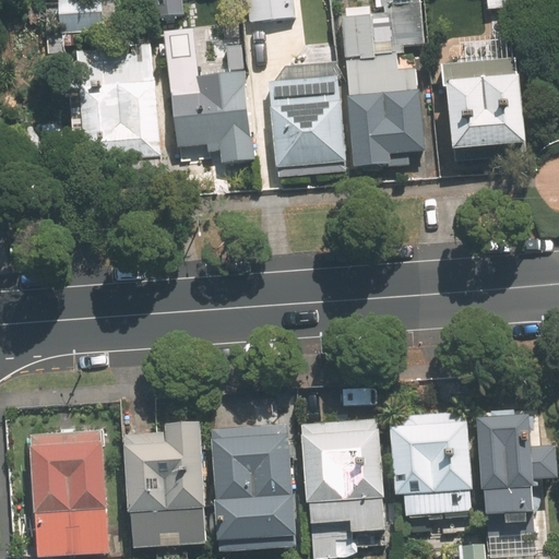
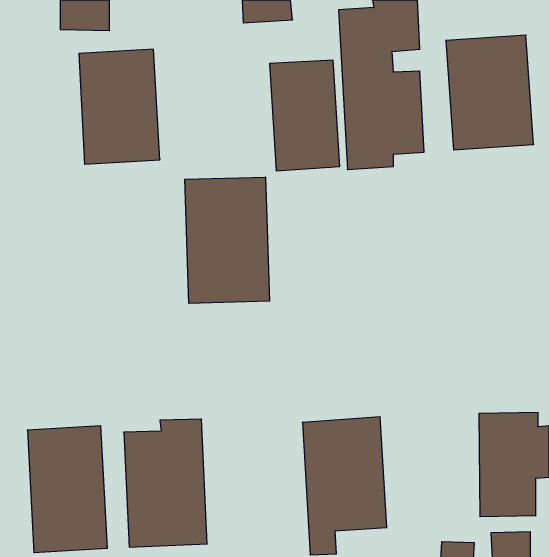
building: [168,45,252,166] -> none
building: none -> [185,177,270,303]
building: [392,414,474,524] -> none
building: [210,427,295,550] -> none

